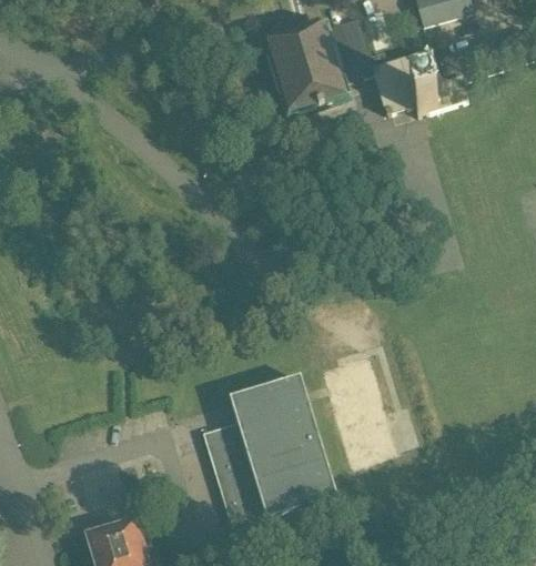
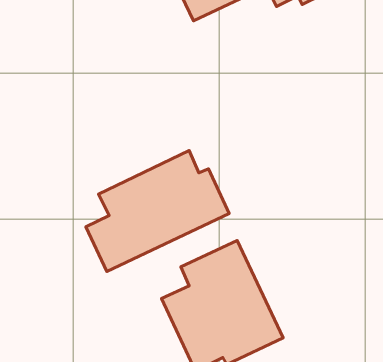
building: none -> [86,151,229,271]

